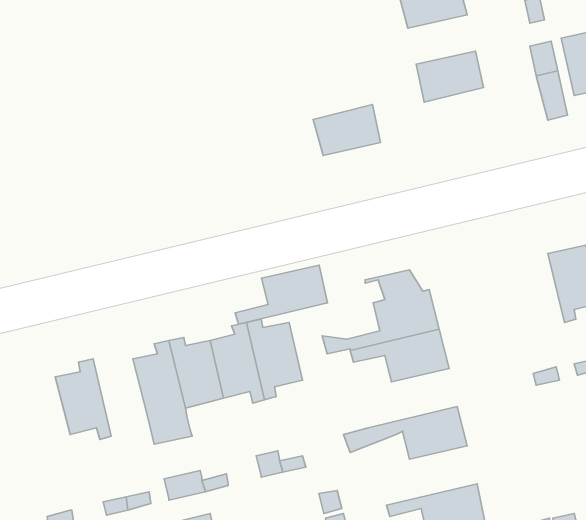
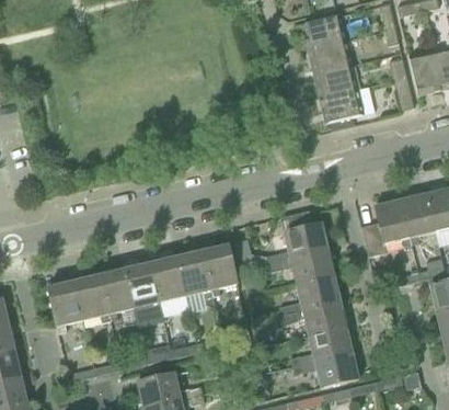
building: none -> [307,41,352,73]
building: [313,105,381,156] -> [318,89,362,123]
building: none -> [360,200,411,258]
building: [235,265,327,324] -> [278,276,339,316]
building: none -> [97,267,134,321]
building: none -> [46,280,82,333]
building: none -> [290,328,353,367]

